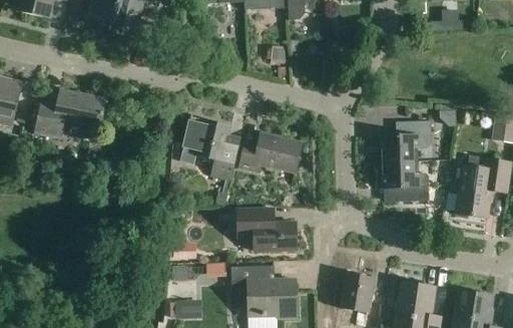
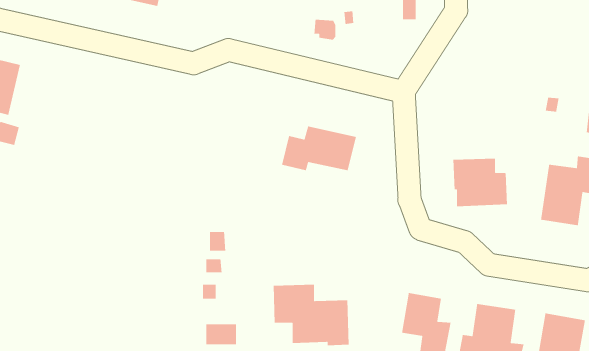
building: [35,89,105,138] -> none
building: [181,116,240,205] -> none
building: [381,120,432,161] -> none
building: [236,208,297,251] -> none

